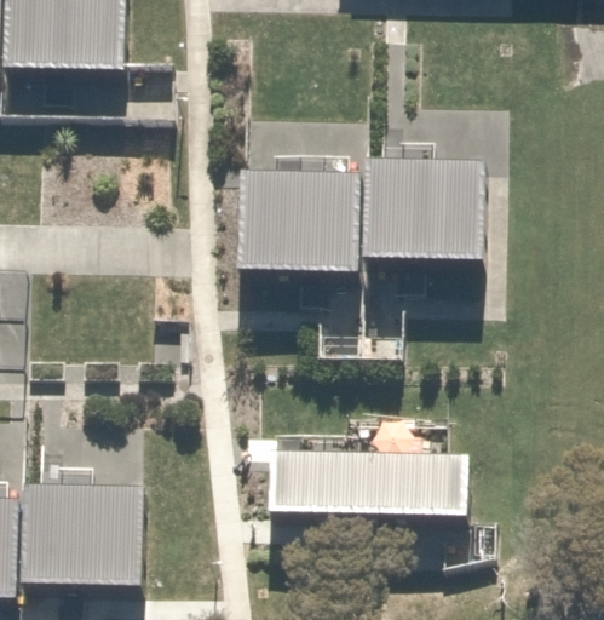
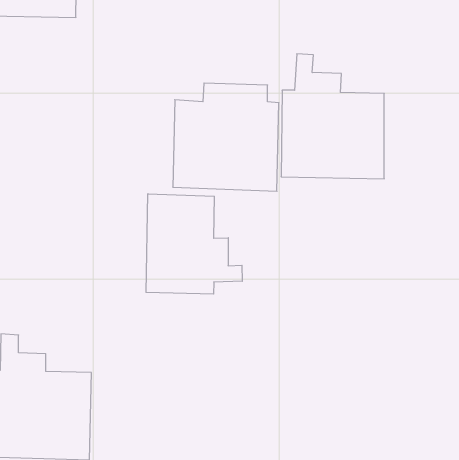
building: none -> [146,194,242,294]
building: [269,427,470,516] -> none

